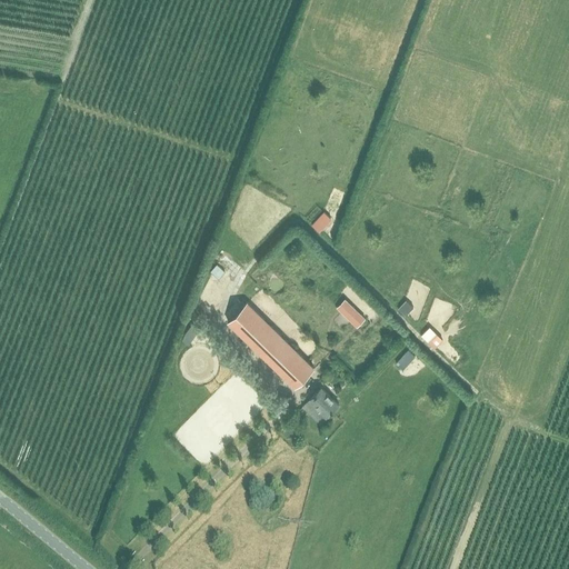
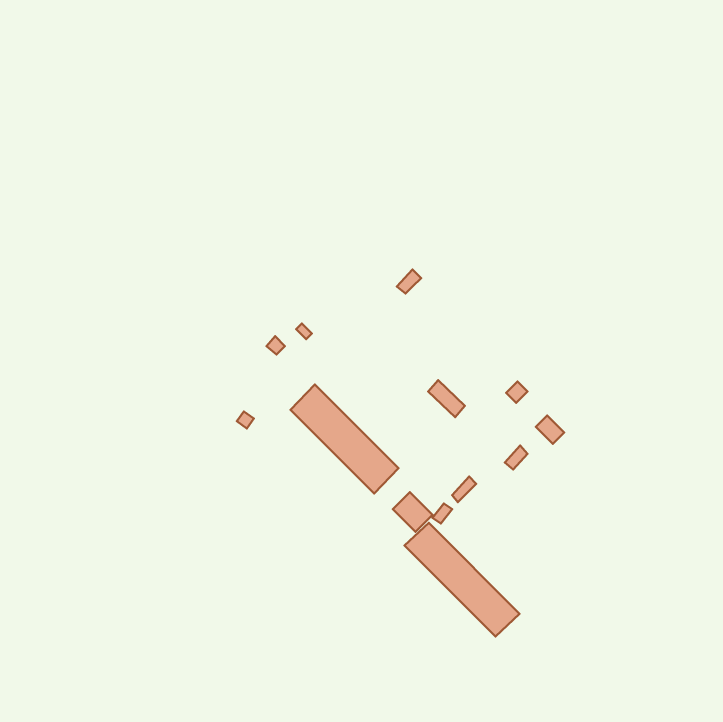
building: none -> [405,523,519,636]

